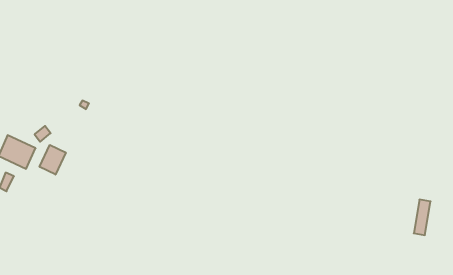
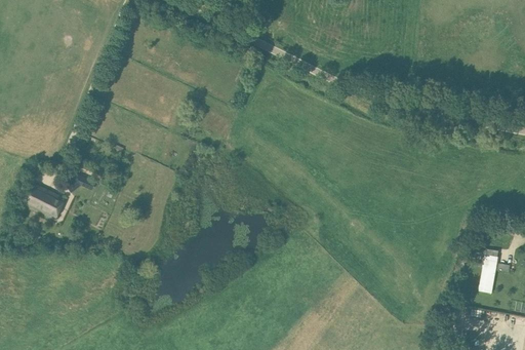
building: [40,145,66,175] -> none

